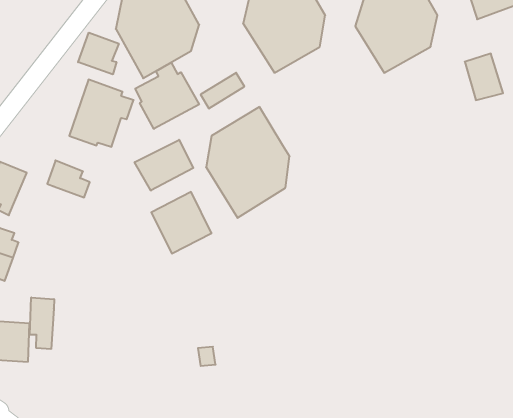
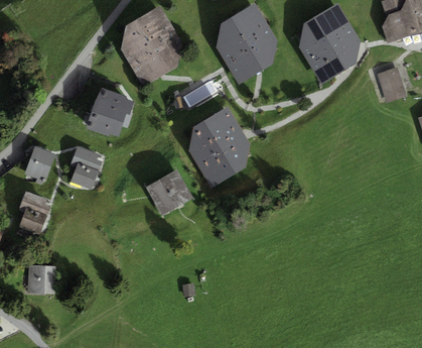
building: [78,33,119,74] -> none
building: [135,62,199,129] -> none
building: [135,140,193,191] -> none
building: none -> [69,165,98,190]
building: [30,297,54,349] -> none

